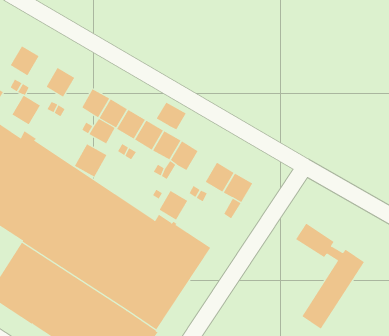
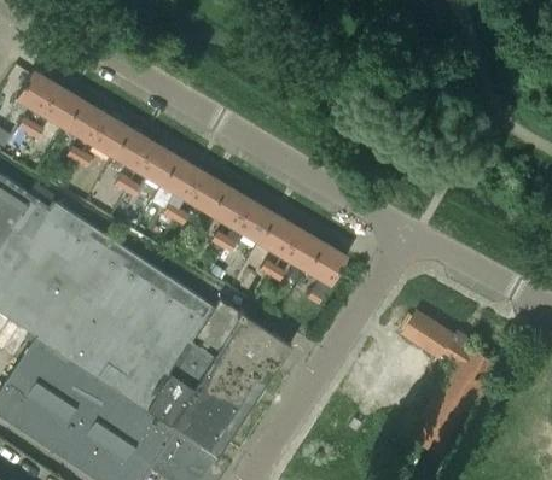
building: none -> [89,116,128,156]
building: [11,95,41,125] -> [41,87,81,128]
building: [156,102,186,130] -> none
building: [74,143,107,177] -> none
building: [159,190,188,220] -> [256,215,296,256]

